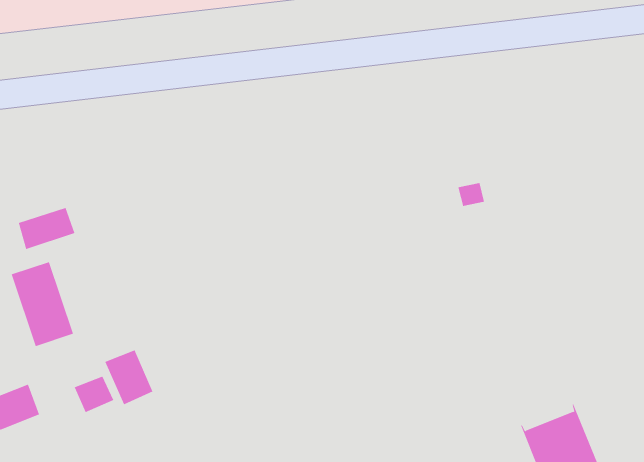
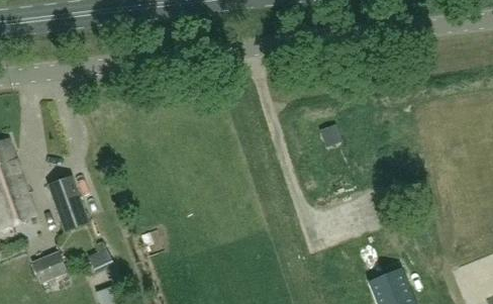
building: [18,207,75,250] -> none
building: [105,349,153,405] -> none

